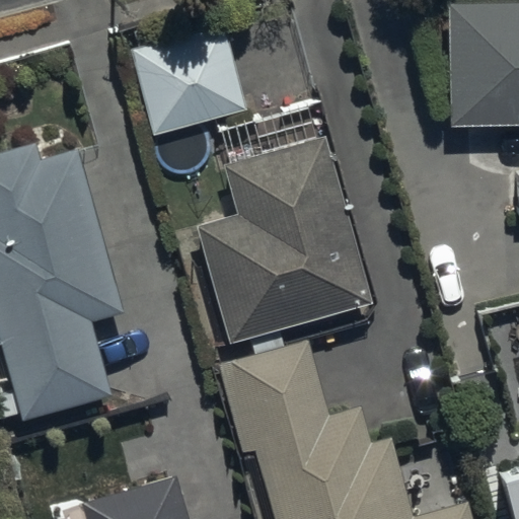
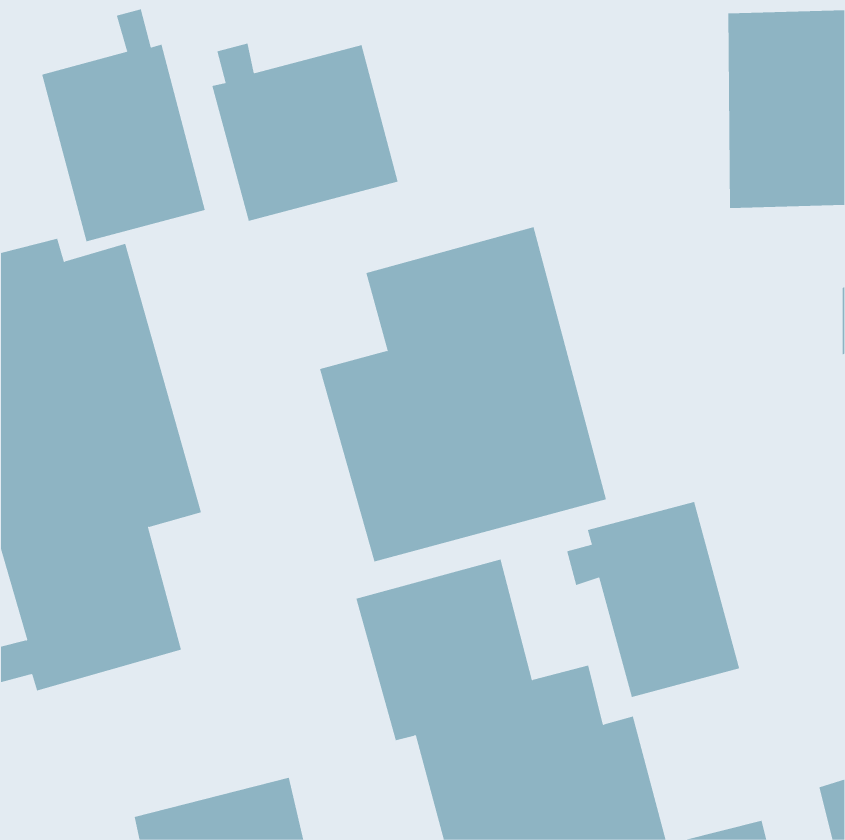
building: none -> [41,8,205,242]
building: none -> [566,501,740,698]

